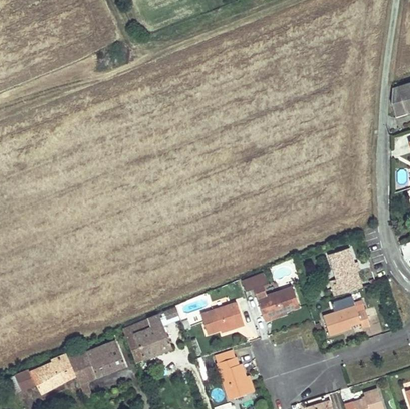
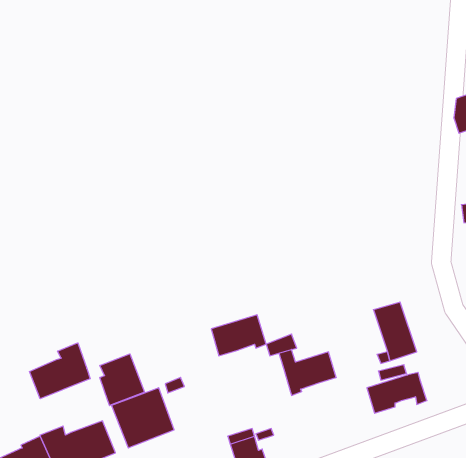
building: none -> [29,343,90,399]
building: none -> [100,354,144,406]
building: [200,302,244,334] -> [211,315,266,356]

